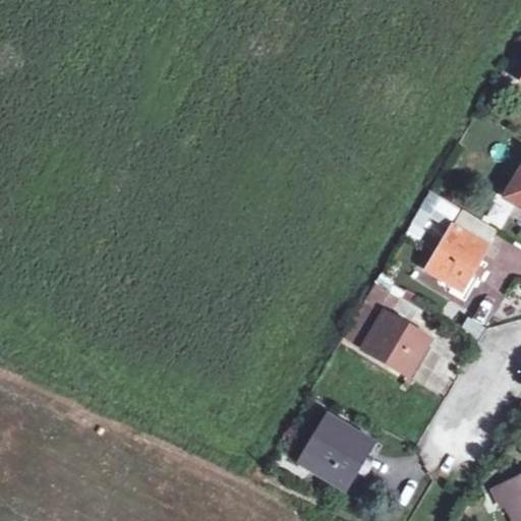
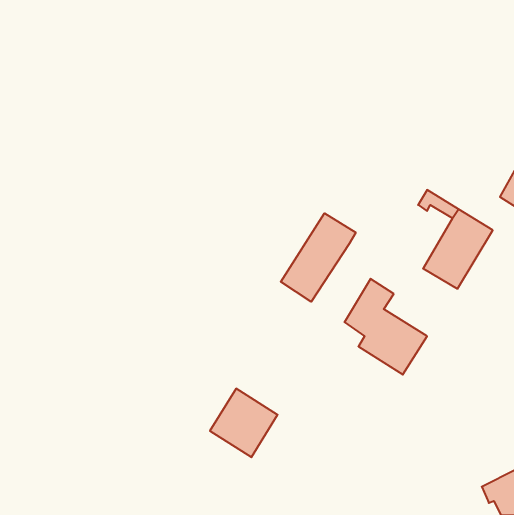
building: none -> [281,213,356,302]
building: [299,418,367,487] -> [210,389,278,457]

